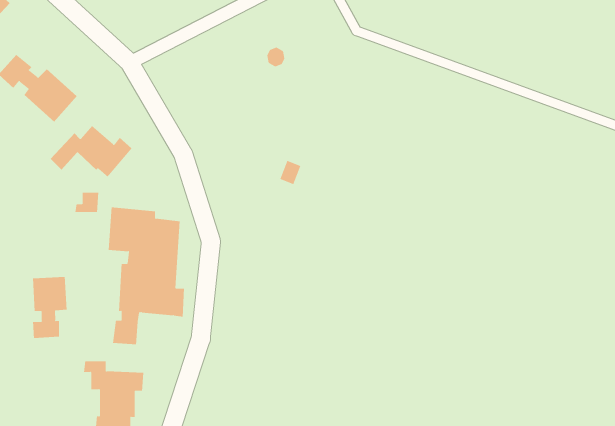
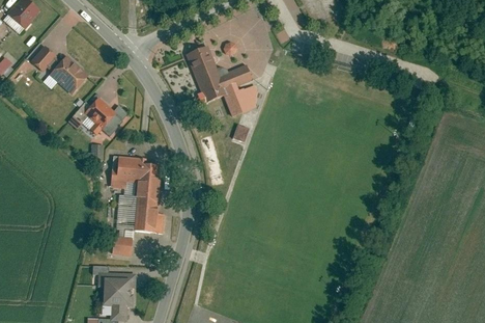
building: none -> [187,45,253,115]
building: [32,276,67,339] -> none

